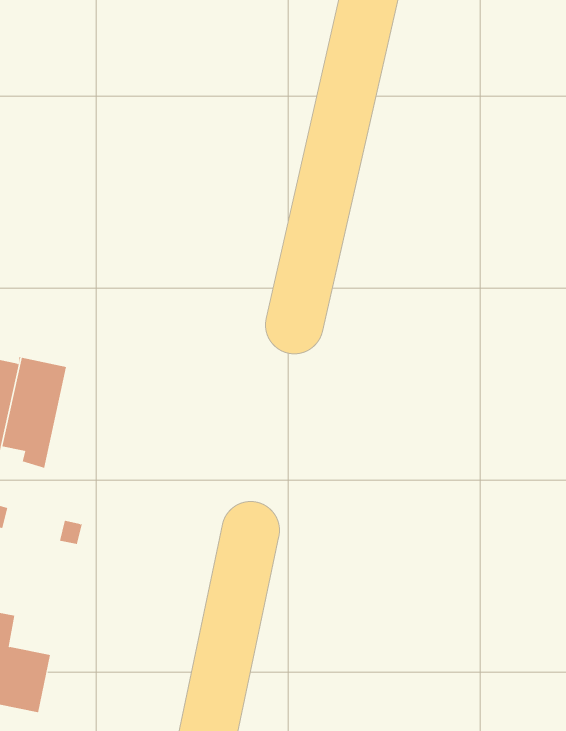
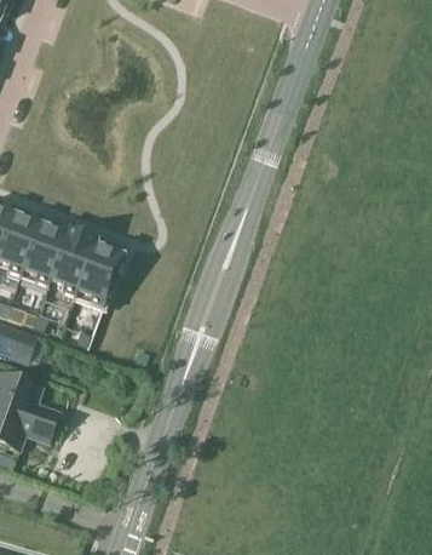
building: none -> [75,236,125,307]

